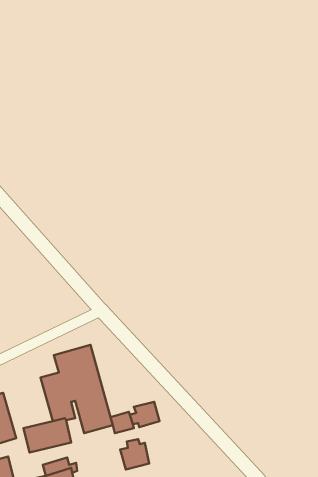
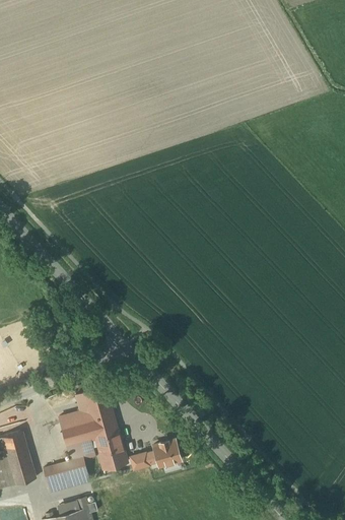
building: [120,439,149,469] -> none

